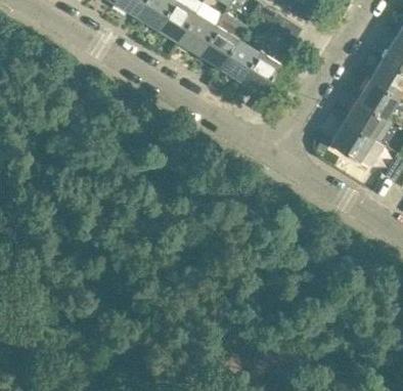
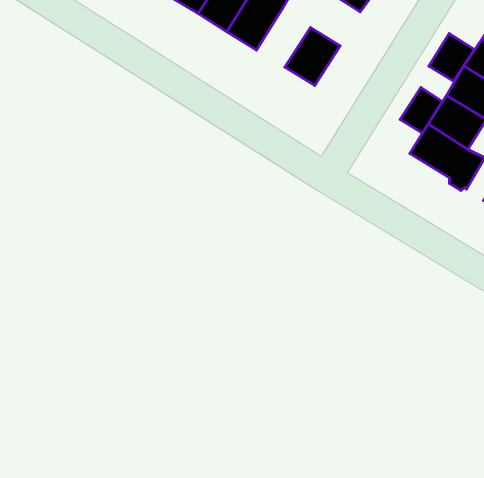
building: [220,38,259,80] -> none
building: none -> [429,33,474,81]
building: none -> [400,87,442,133]

